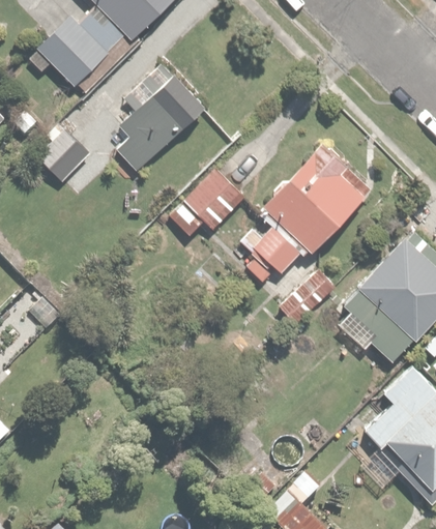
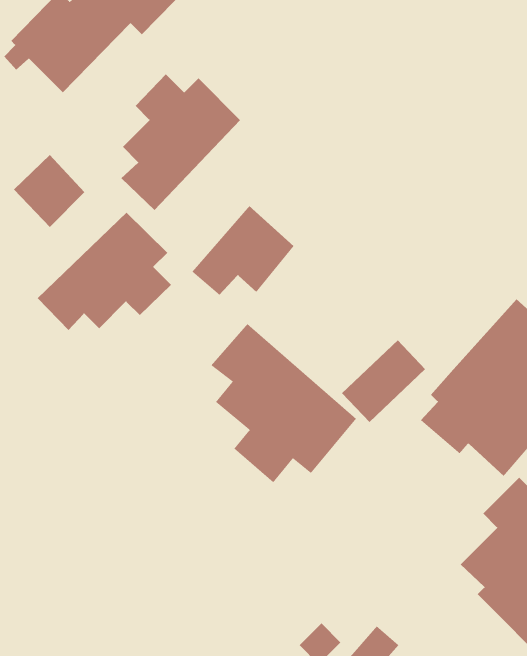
building: [237,142,372,281] -> none
building: none -> [37,212,172,331]
building: none -> [211,323,357,483]

